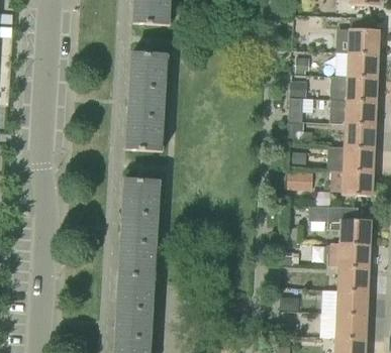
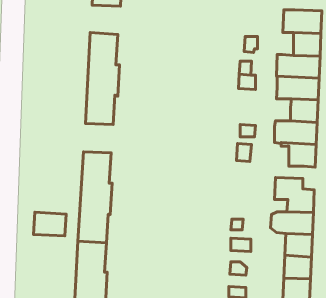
building: none -> [34,212,66,236]

